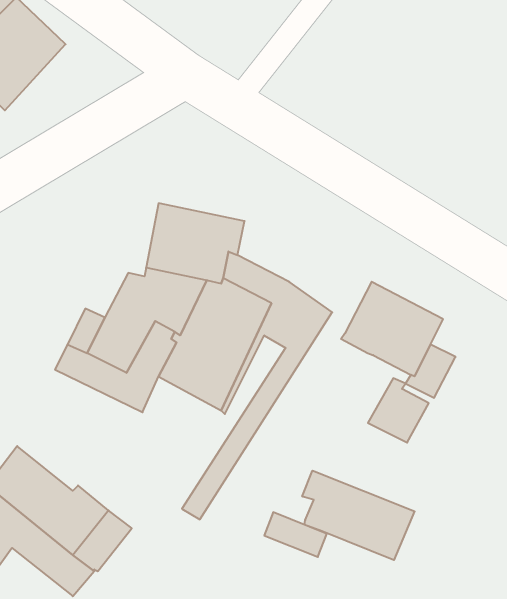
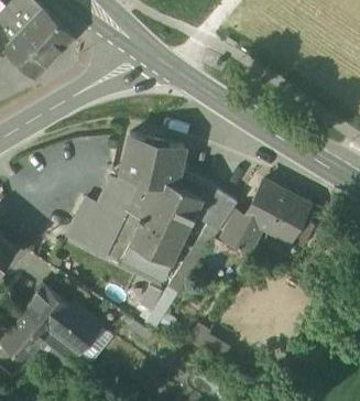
building: none -> [120,242,171,284]
building: [368,378,429,443] -> [221,213,259,252]
building: [302,471,415,560] -> none

